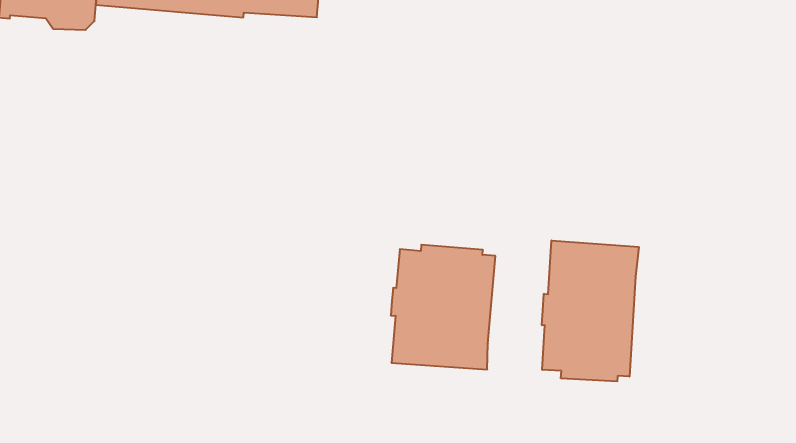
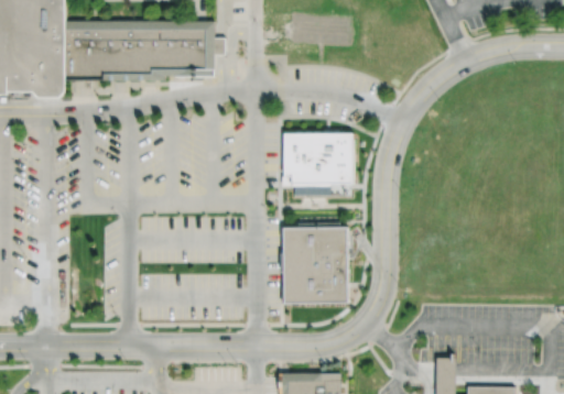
building: none -> [282,130,354,193]
building: [542,240,639,381] -> none

